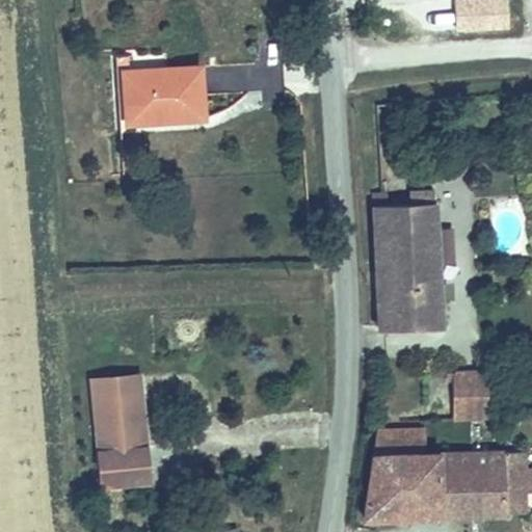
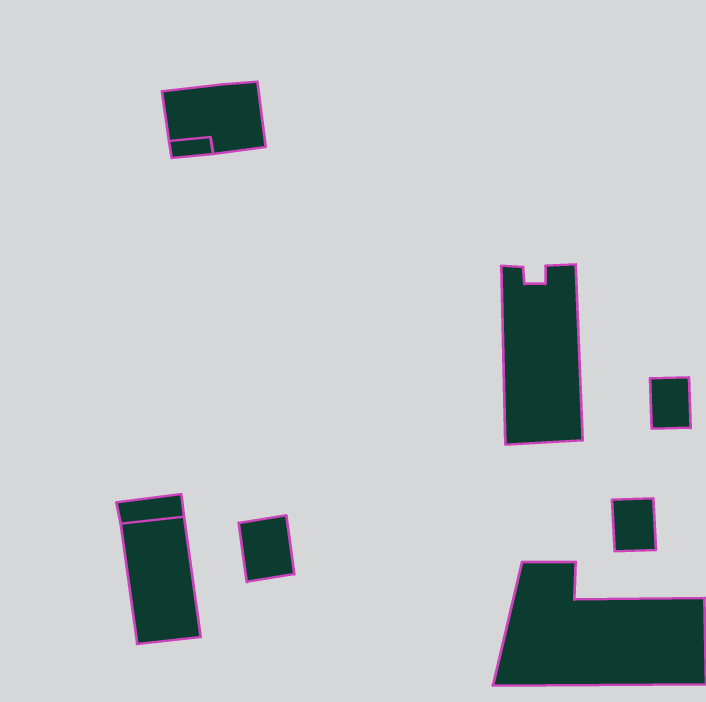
building: none -> [650,377,691,429]
building: none -> [239,515,294,582]

